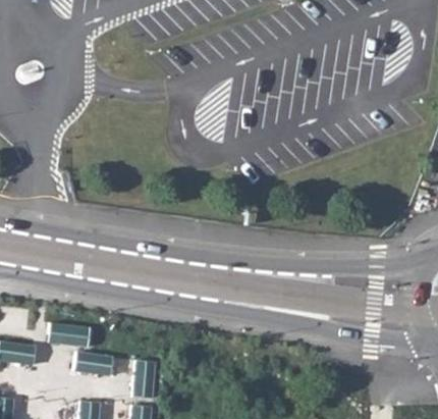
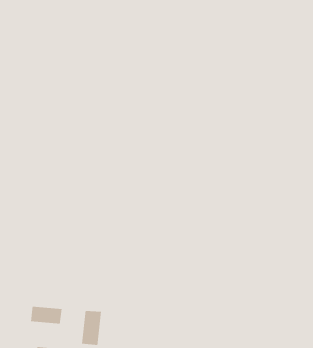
building: [49,323,90,347] -> none

